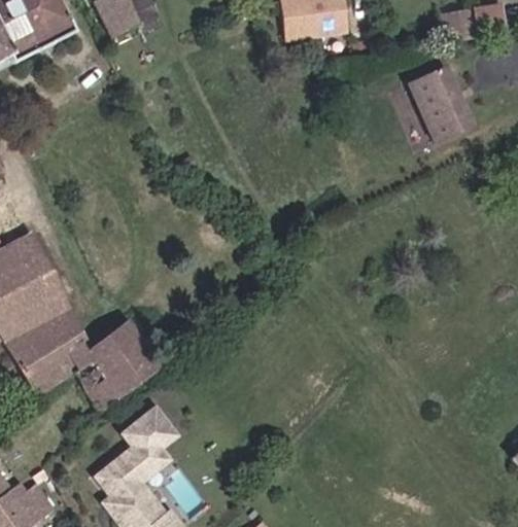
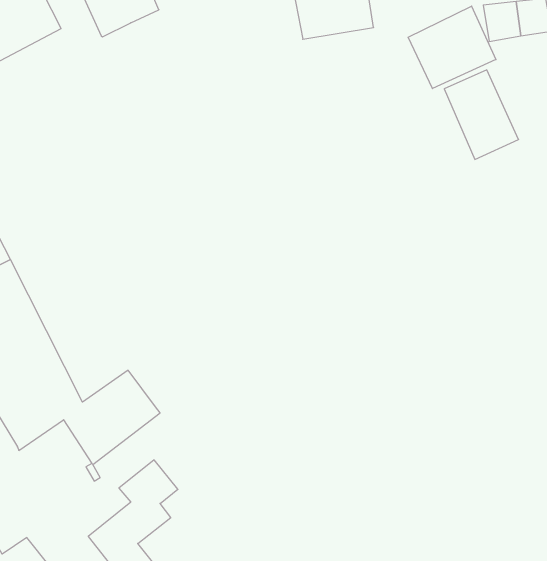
building: none -> [408,6,496,89]

